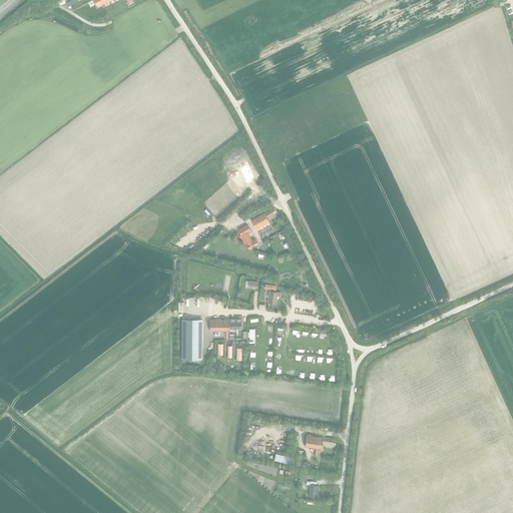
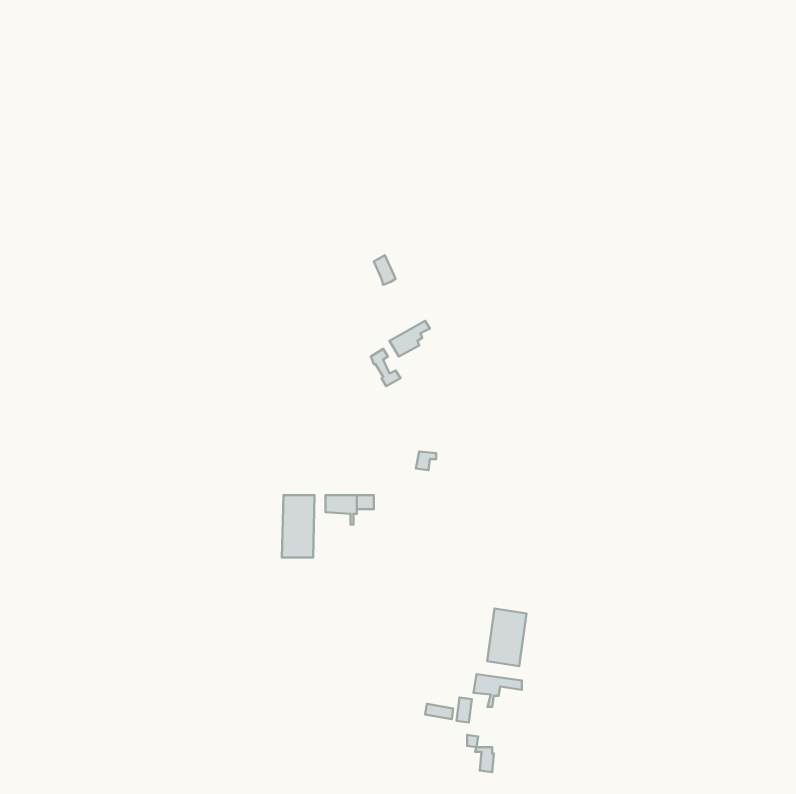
building: none -> [487,608,527,666]

